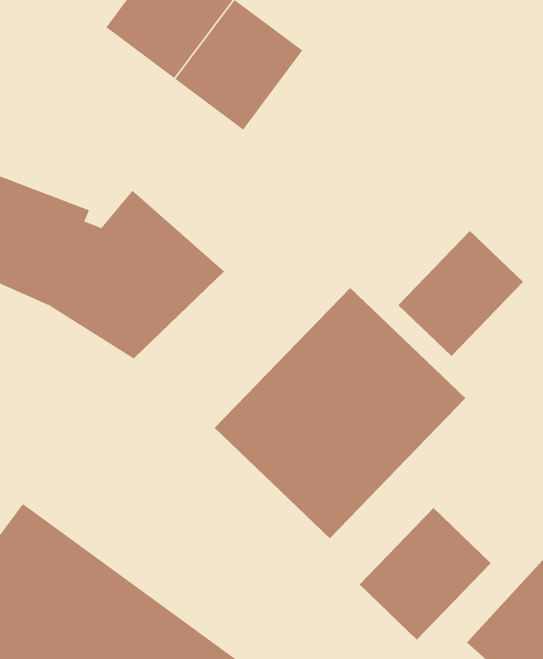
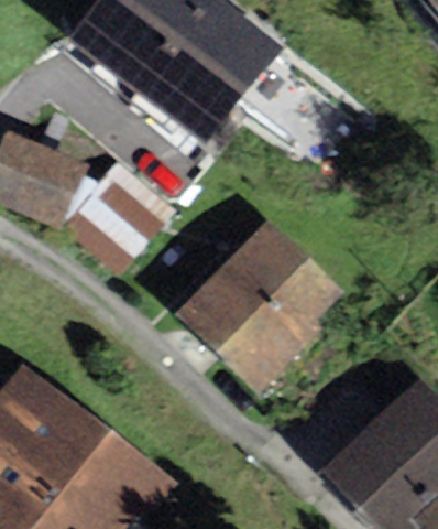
building: [398,230,524,357] -> none
building: [359,507,491,641] -> none

